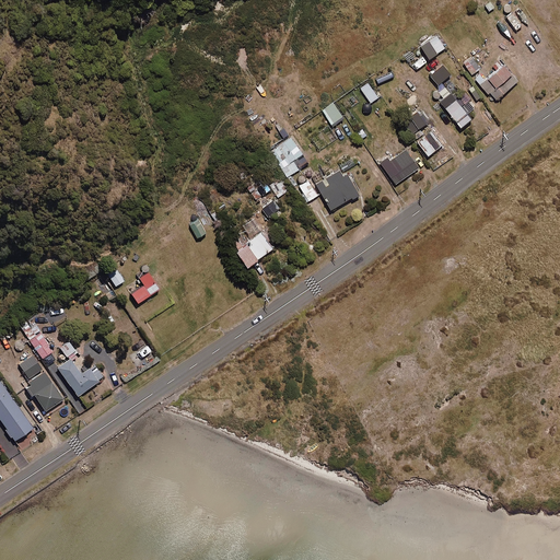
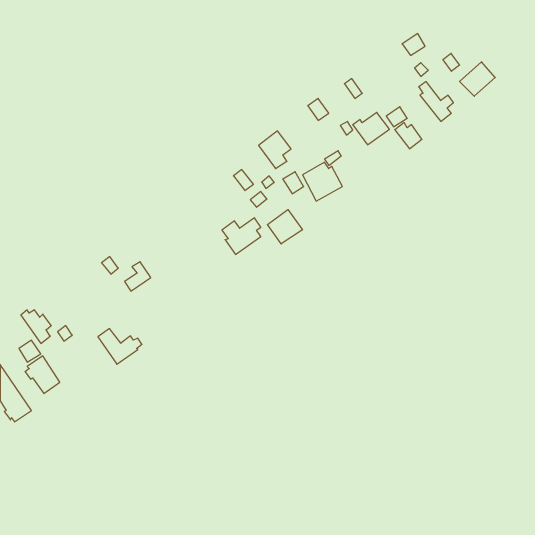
building: [380,150,418,184] -> [353,112,389,145]
building: none -> [267,210,302,244]
building: [58,359,104,396] -> [98,329,142,364]

